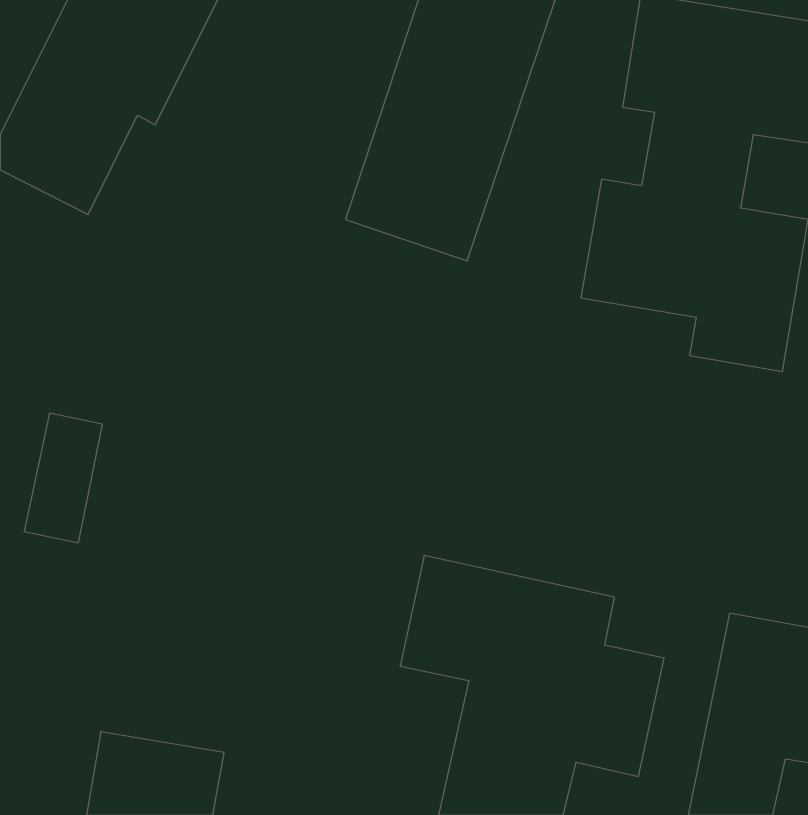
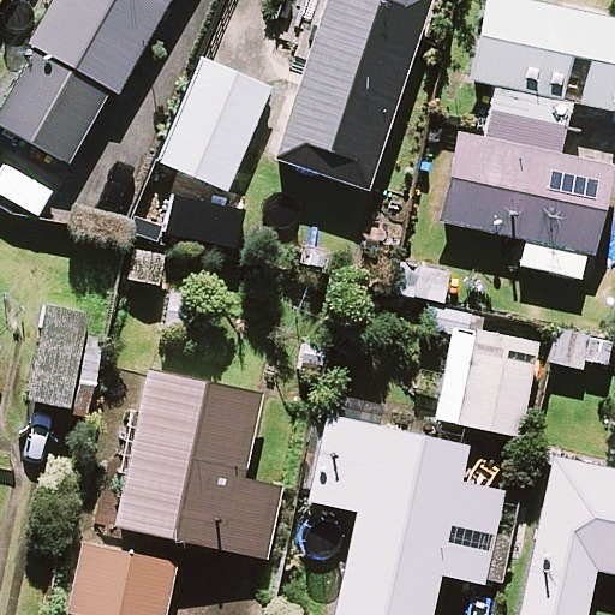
building: none -> [157,60,269,191]
building: none -> [420,310,537,436]
building: none -> [121,371,283,556]

